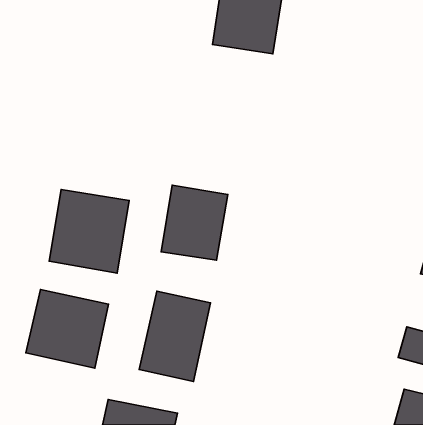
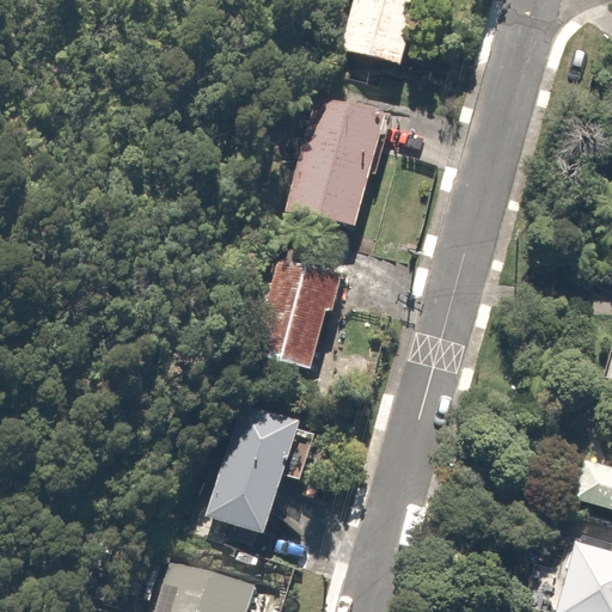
building: none -> [269,103,374,228]
building: [49,189,129,273] -> none
building: [26,289,109,368] -> none

